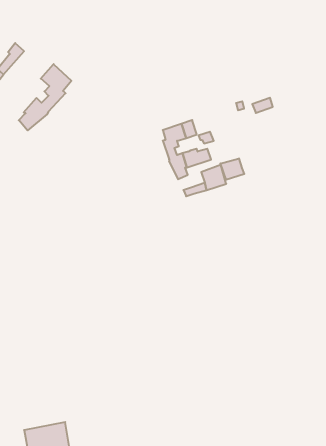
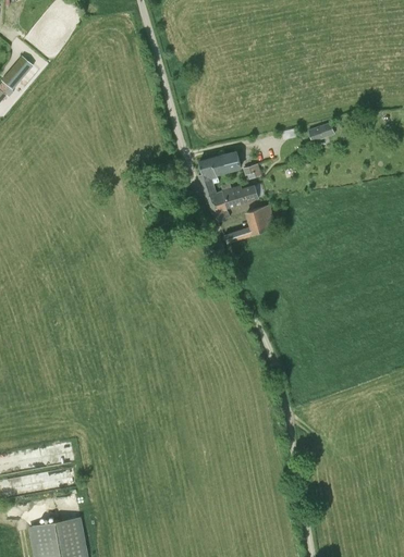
building: [19,64,71,130] -> none
building: [220,158,244,180] -> none

